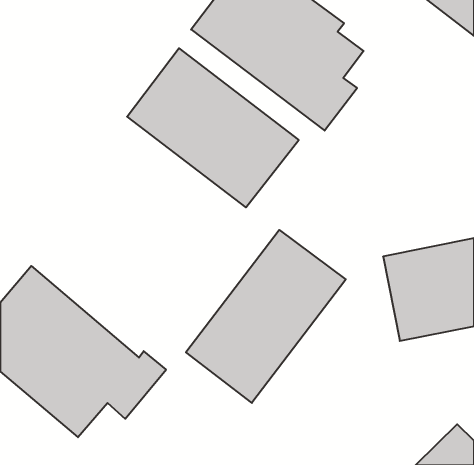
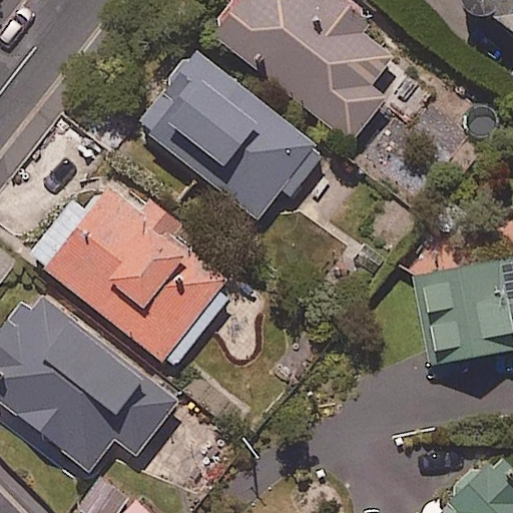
building: none -> [43,186,224,364]
building: [186,230,346,403] -> none

